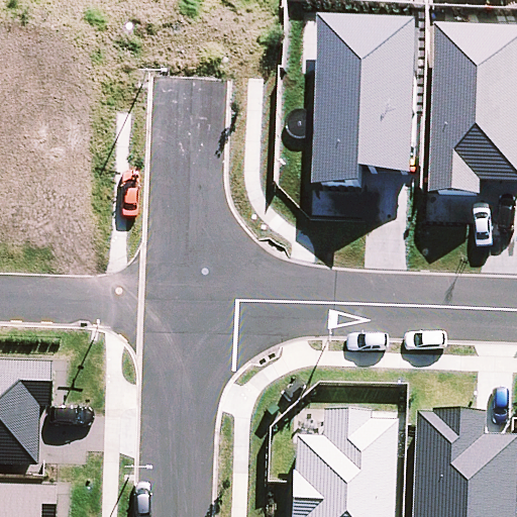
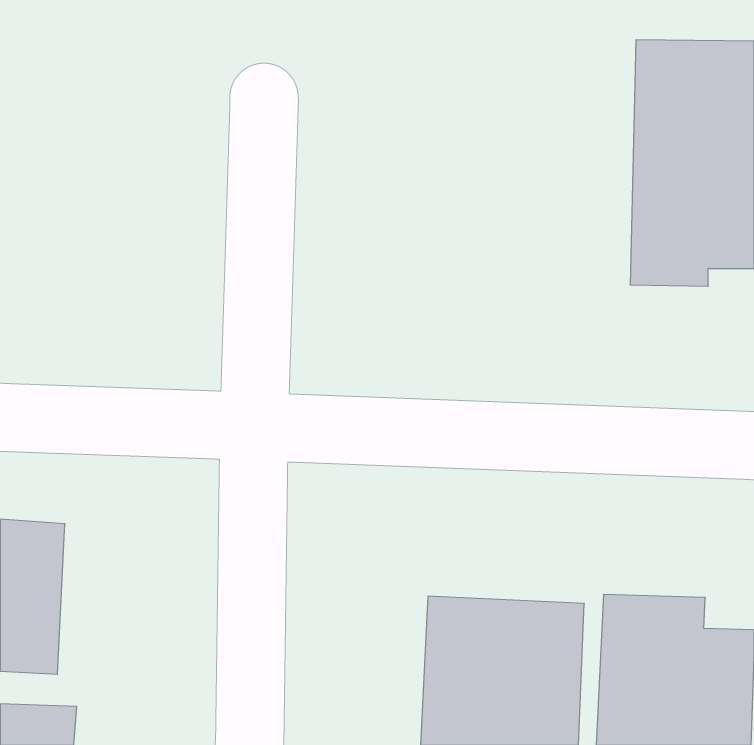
building: [318,17,421,190] -> none

